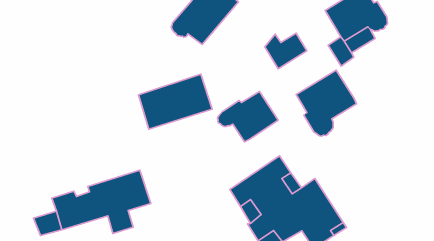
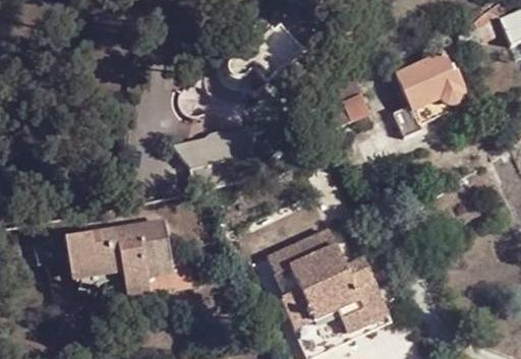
building: [296,70,356,136] -> none
building: [218,91,278,142] -> none

